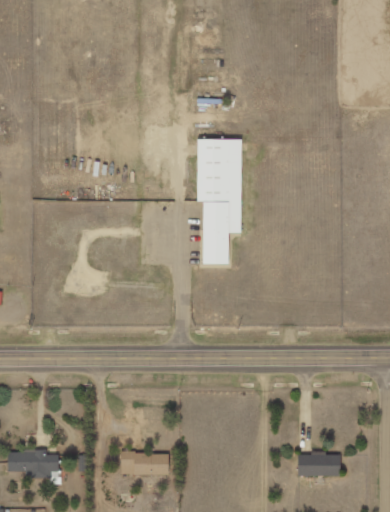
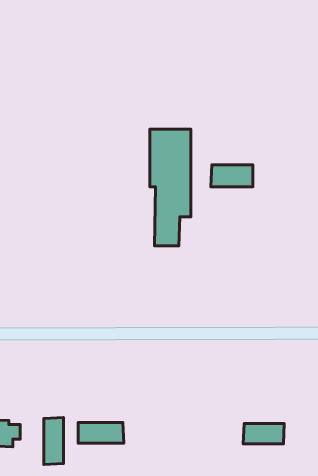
building: none -> [211,165,253,187]
building: none -> [44,418,63,464]

